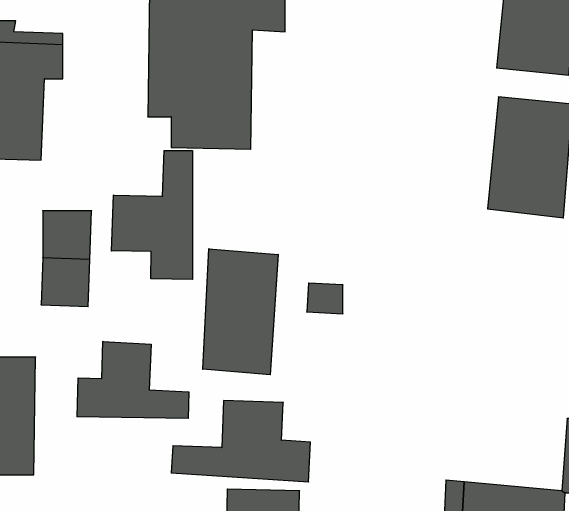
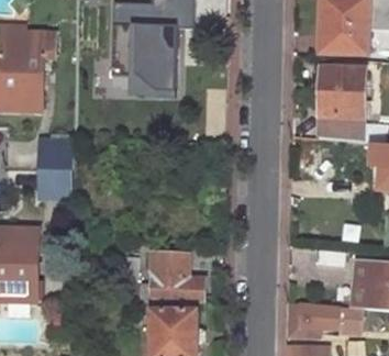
building: [111,151,192,279] -> none
building: [203,249,278,375] -> none
building: [77,341,189,418] -> none

